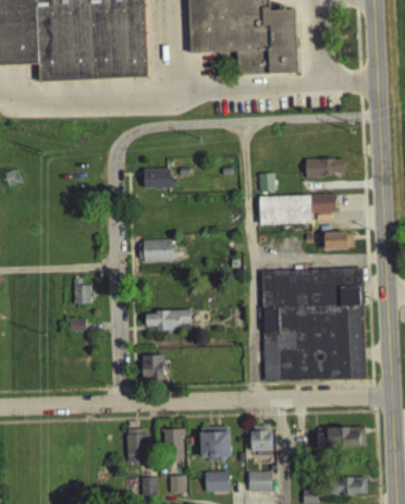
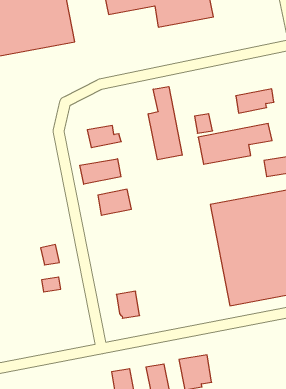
building: none -> [148,87,182,160]
building: none -> [80,159,121,184]
building: [146,310,192,331] -> none
building: [251,426,271,454] -> none

